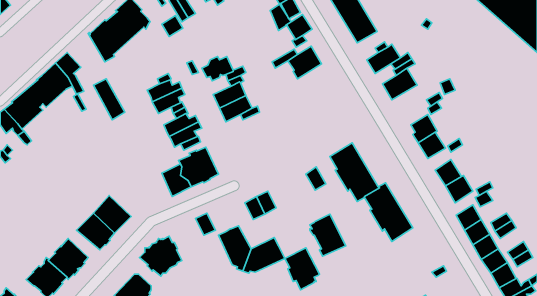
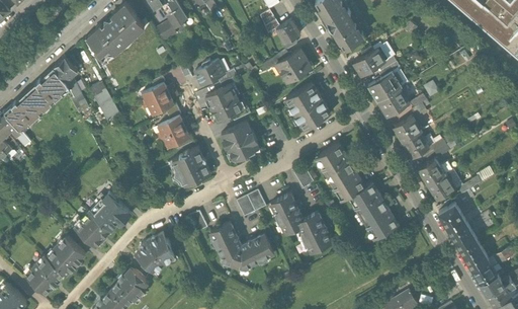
building: none -> [285,84,330,131]
building: none -> [377,89,409,118]
building: none -> [221,123,259,161]
building: [285,248,319,290] -> [270,195,304,235]

